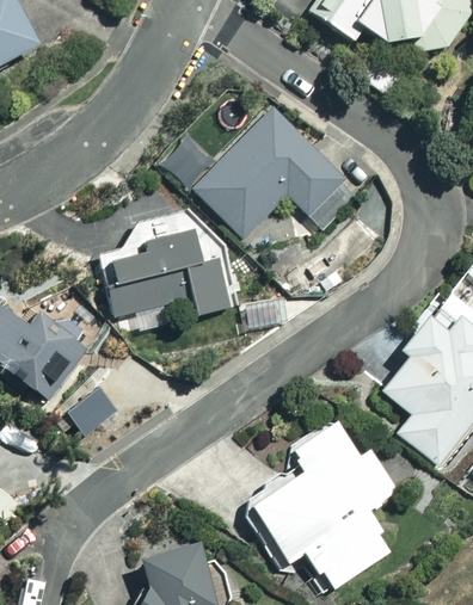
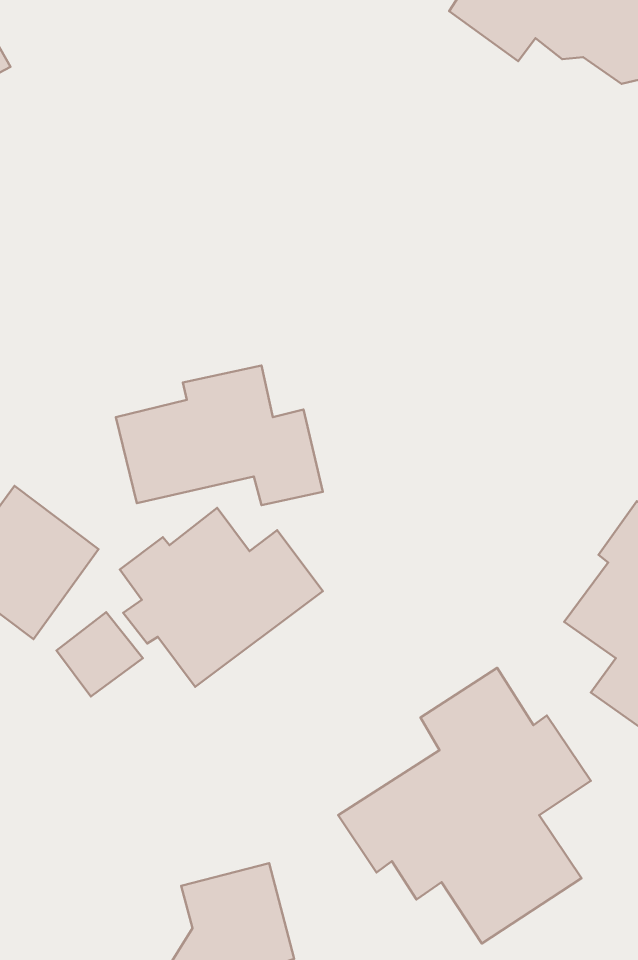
building: [164,105,362,237] -> none
building: none -> [120,508,323,687]

